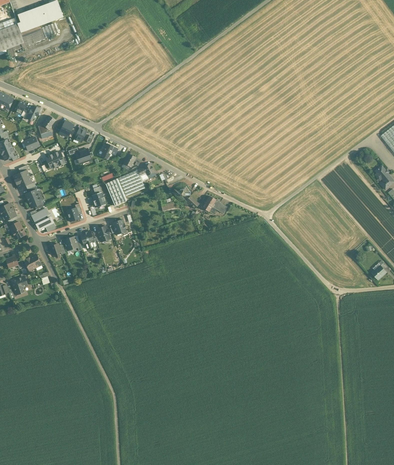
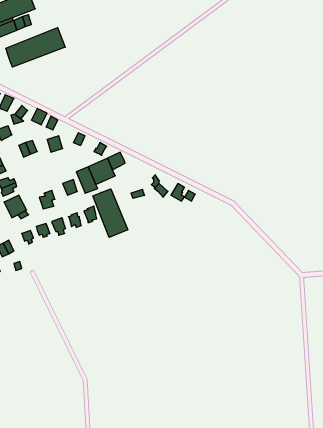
building: none -> [6,28,65,67]
building: none -> [93,189,128,237]

